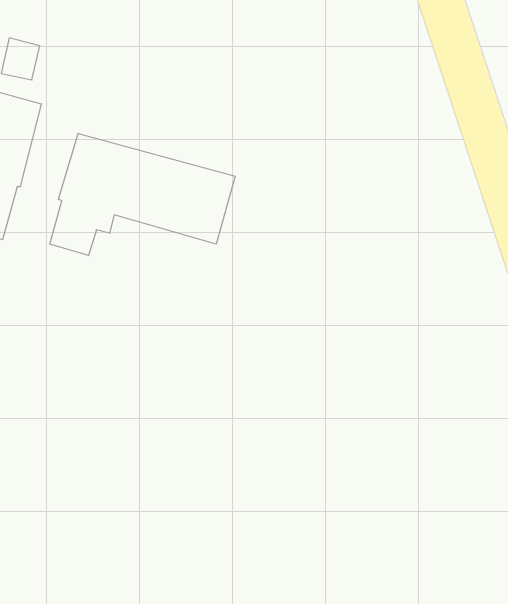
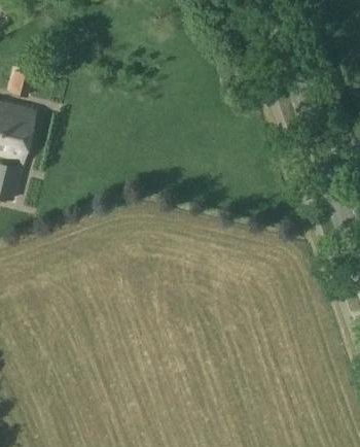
building: [50,133,235,256] -> none

